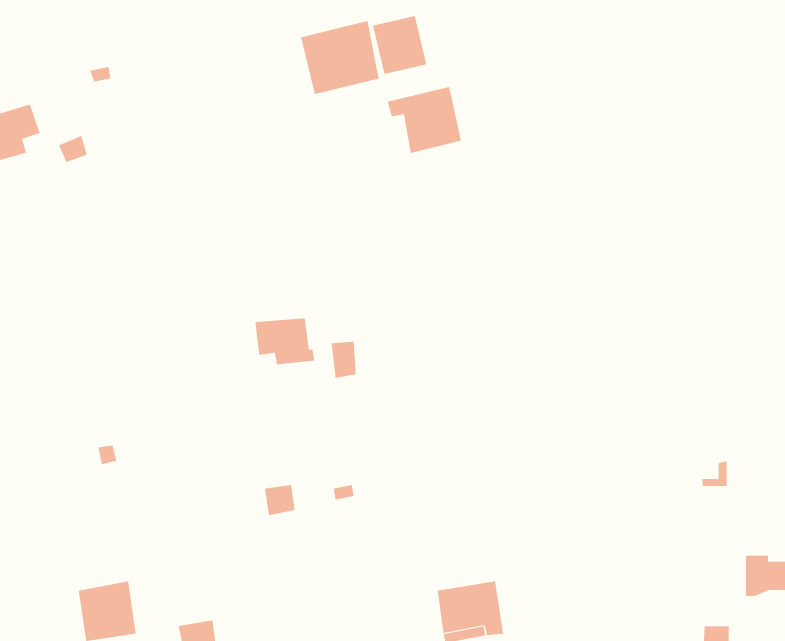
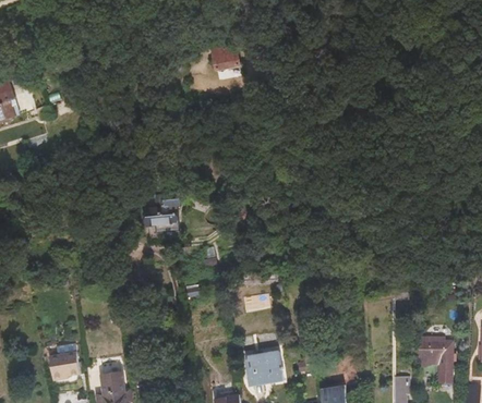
building: [301,20,379,95] -> none
building: [387,86,461,154] -> none

